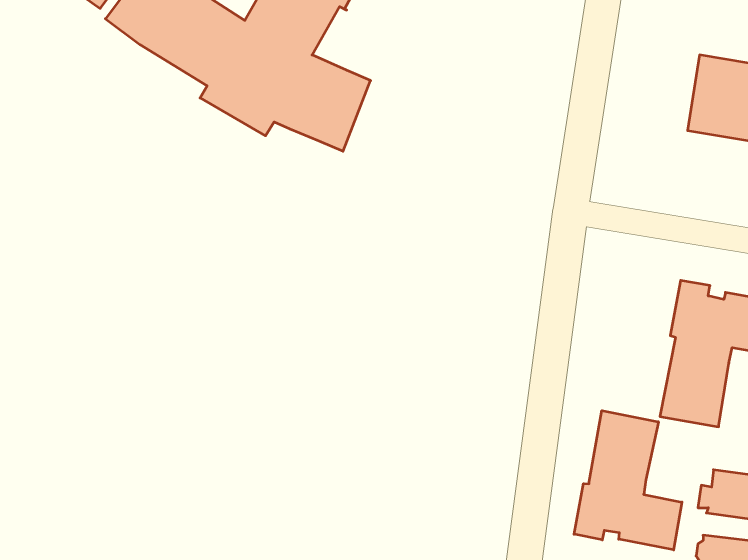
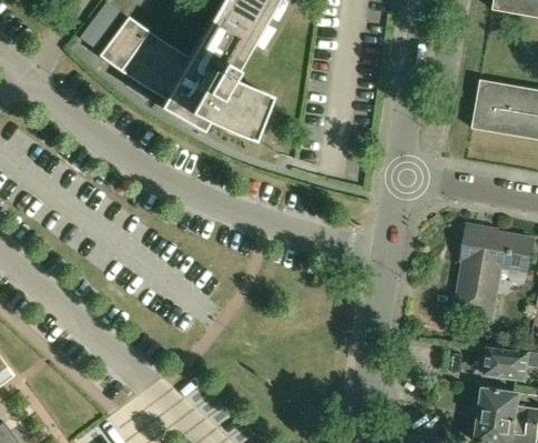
building: [574,411,682,550] -> none

